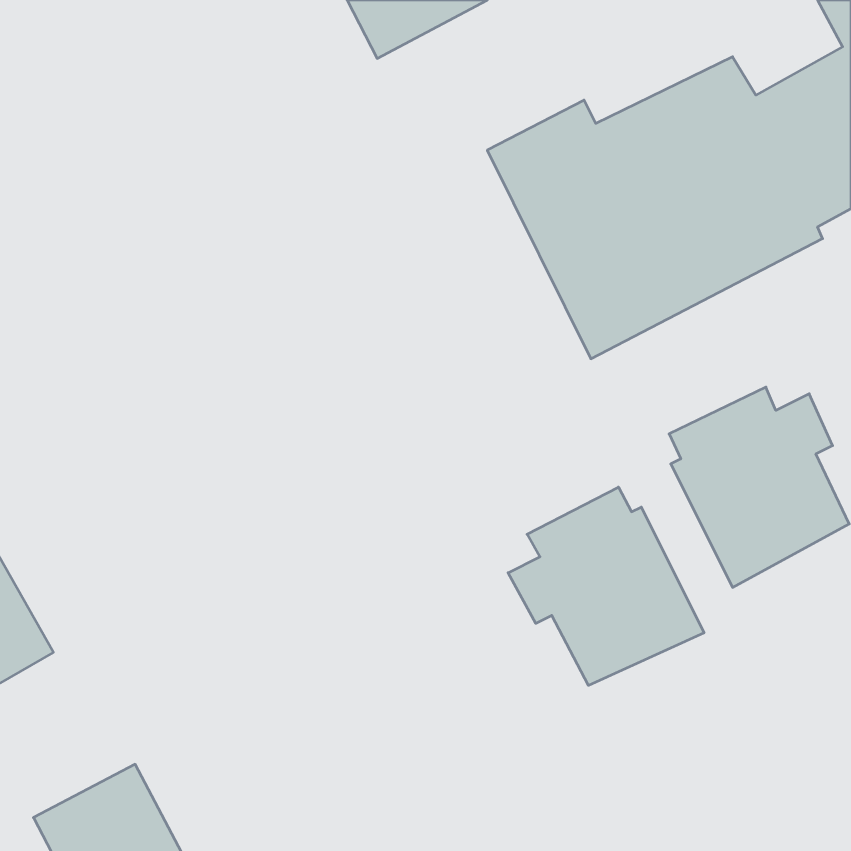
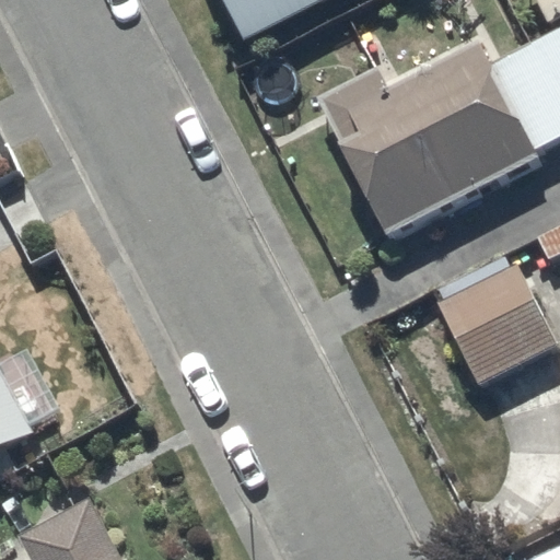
building: [508,487,704,685] -> none

